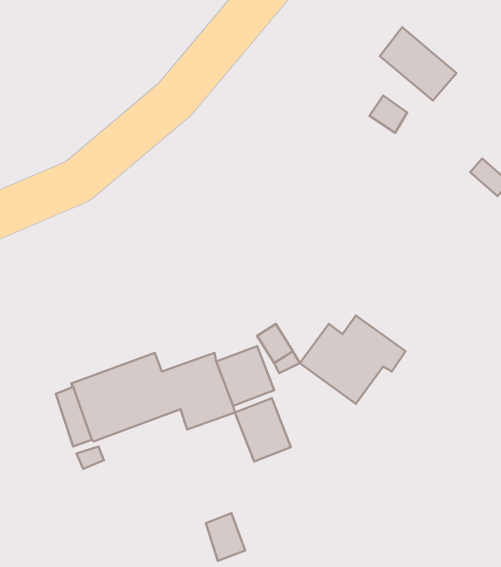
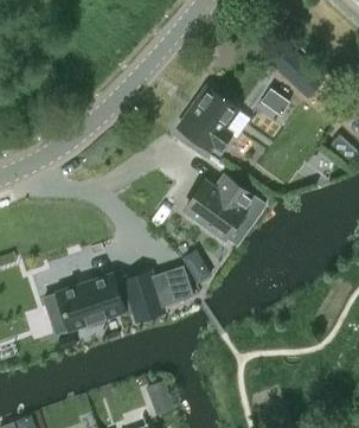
building: none -> [178,87,238,151]
building: [300,315,405,404] -> [185,177,258,238]
building: [235,398,291,461] -> none

